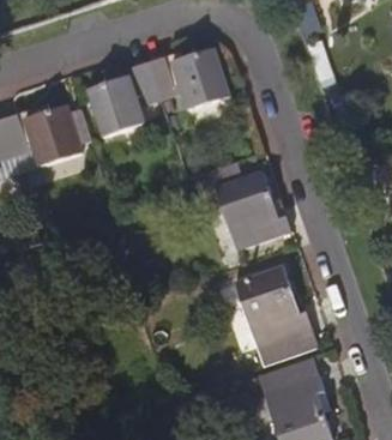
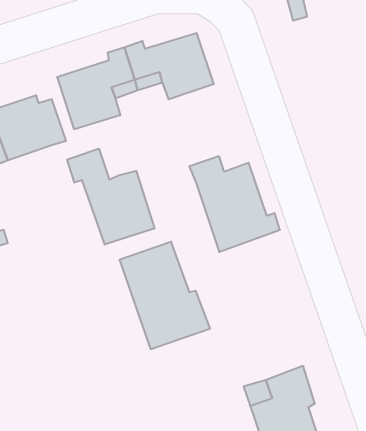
building: none -> [67,149,154,245]
building: [234,266,318,366] -> [119,242,210,349]

